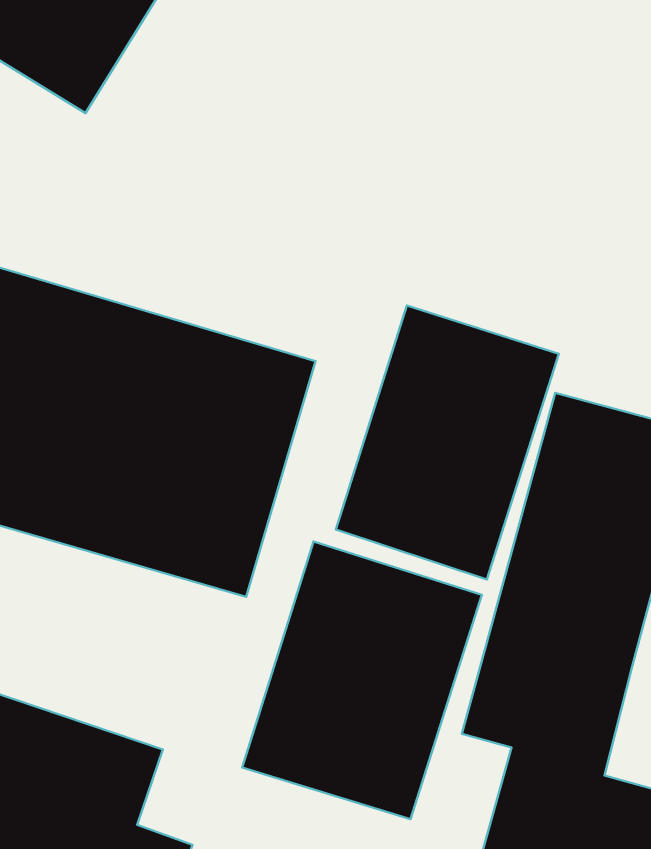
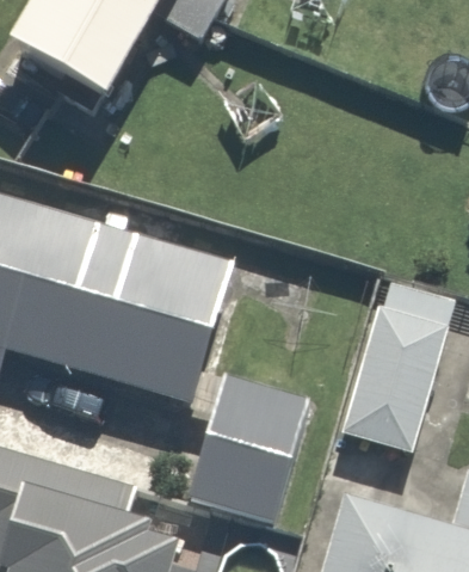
building: [336,305,559,580] -> none

